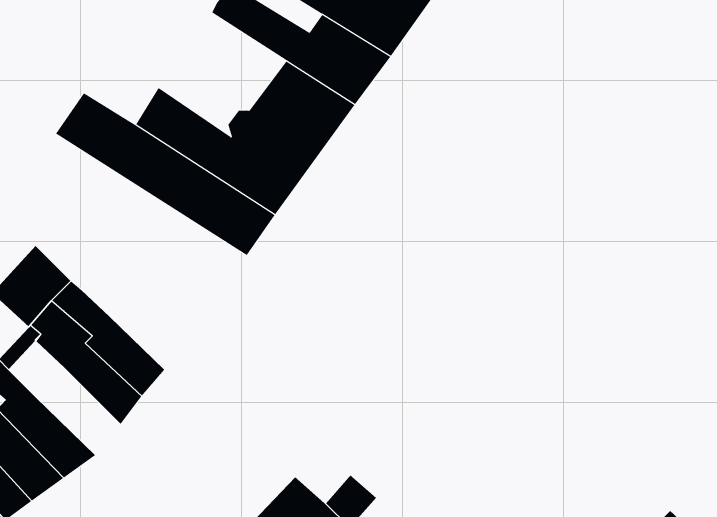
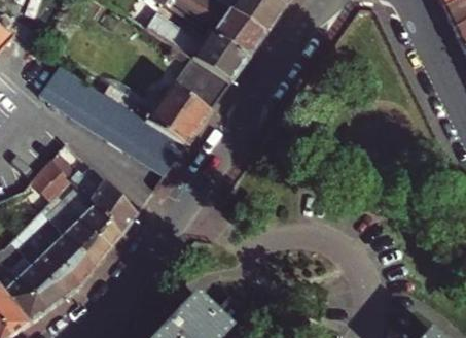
building: none -> [46,149,138,235]
building: none -> [46,234,96,284]

